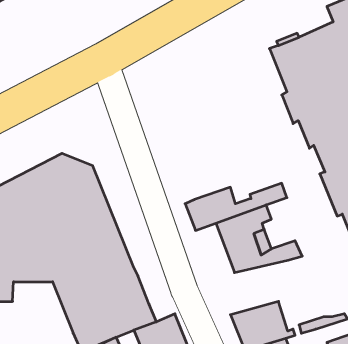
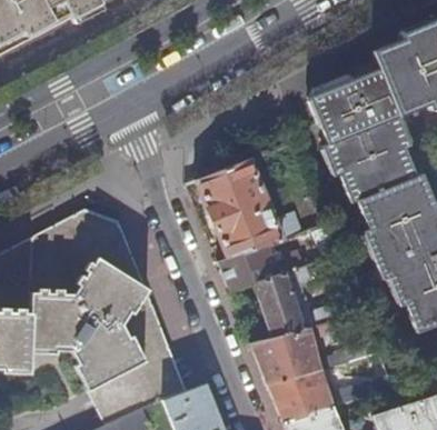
building: none -> [197,160,300,260]
building: none -> [250,326,367,384]

